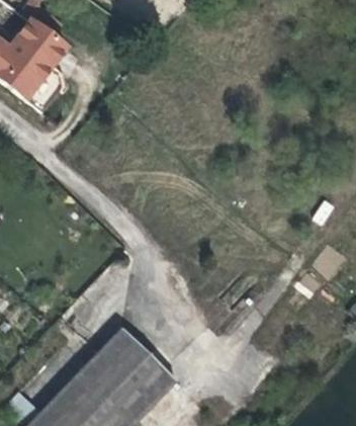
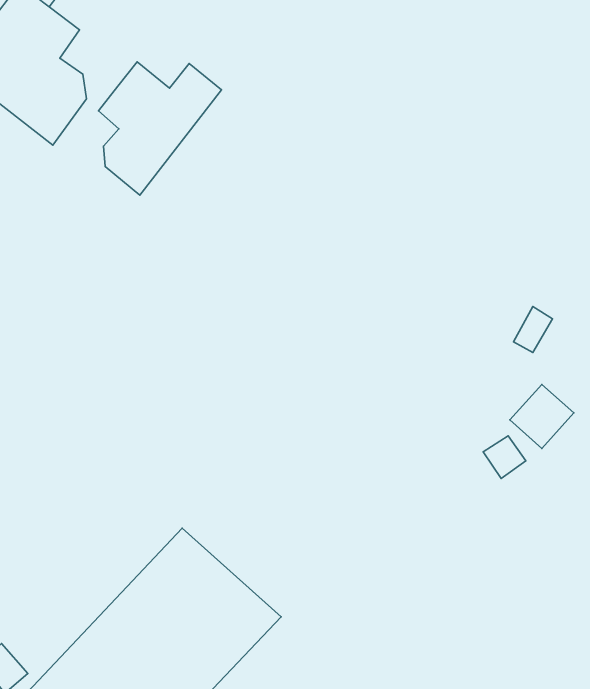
building: none -> [98,62,222,195]

